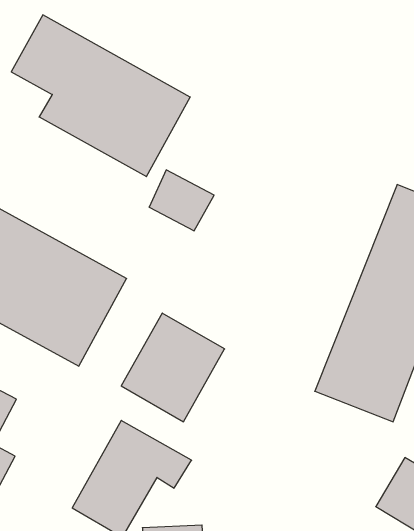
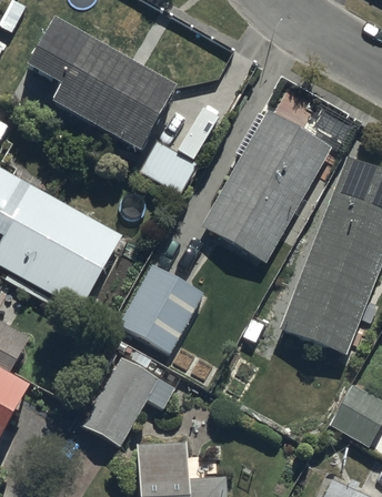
building: none -> [201,111,332,267]

